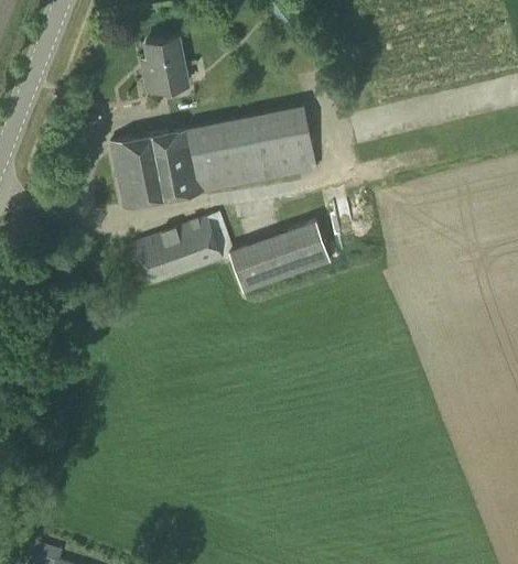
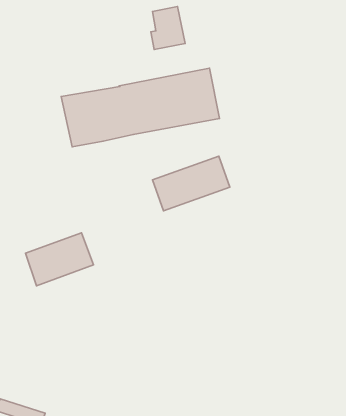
building: [143,37,188,94] -> [151,7,185,49]
building: [133,218,223,288] -> [25,233,93,286]

